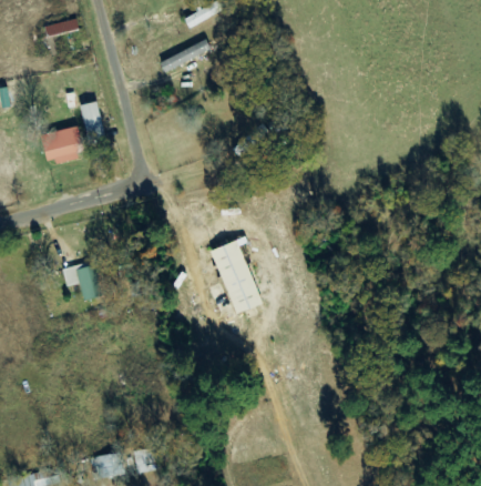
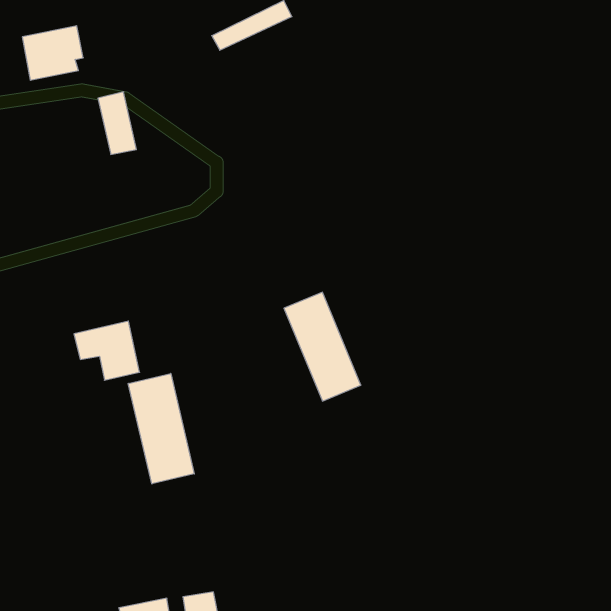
building: [40,126,82,164] -> [22,26,83,80]
building: none -> [128,373,194,484]

